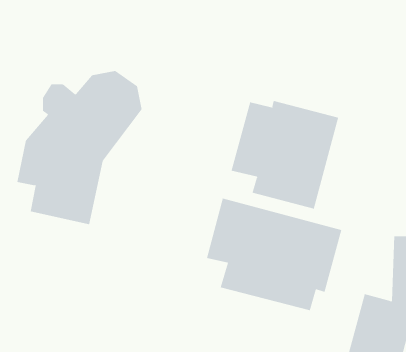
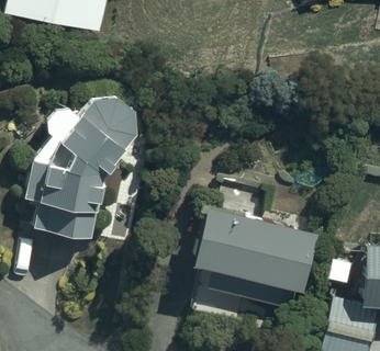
building: [231,100,339,210] -> none

